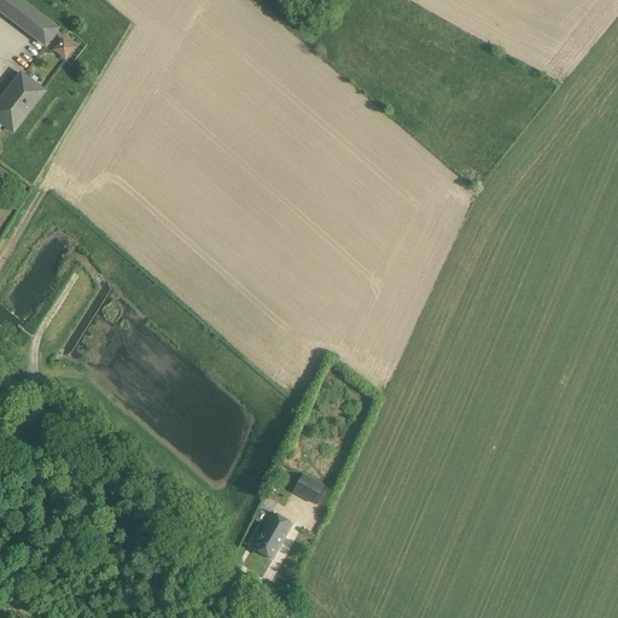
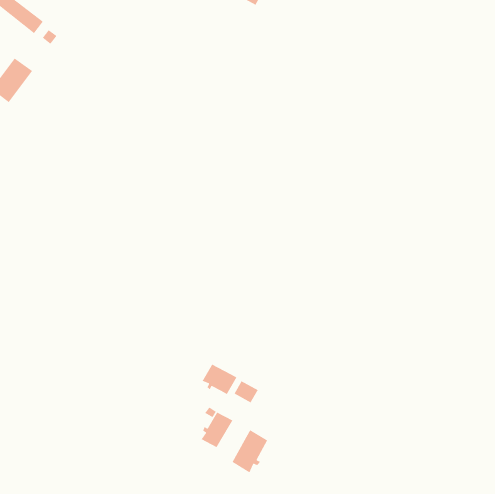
building: none -> [201,363,238,395]
building: none -> [232,429,268,473]

